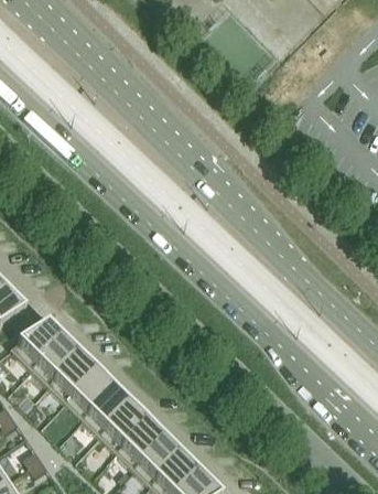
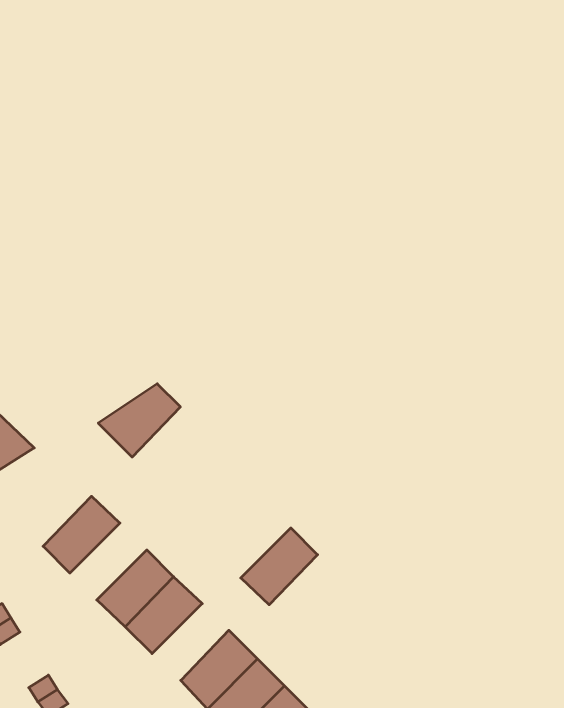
building: [11,318,62,363] -> [98,384,180,457]
building: [48,348,96,396] -> none
building: [99,398,147,445] -> [241,528,318,605]

